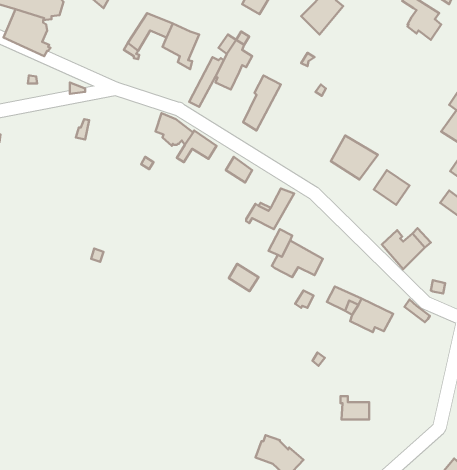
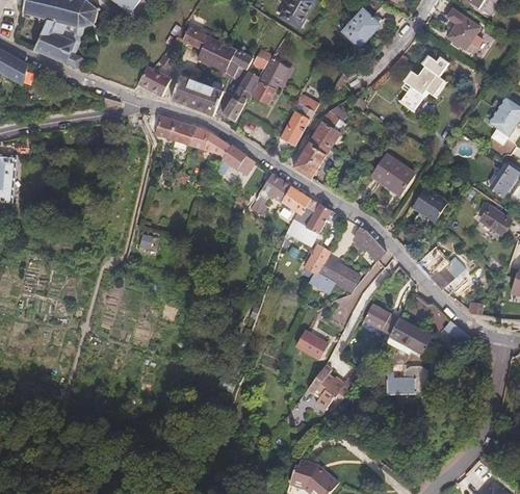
building: none -> [224,47,252,76]
building: none -> [398,61,447,109]
building: none -> [139,68,172,96]
building: none -> [172,75,223,116]
building: none -> [293,104,349,178]
building: none -> [142,112,197,152]
building: none -> [280,185,318,217]
building: none -> [355,226,392,265]
building: [229,264,259,291] -> [295,331,326,359]
building: none -> [308,367,345,411]
building: [341,396,369,420] -> [388,367,417,391]

